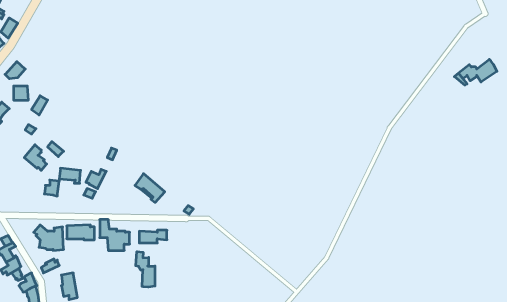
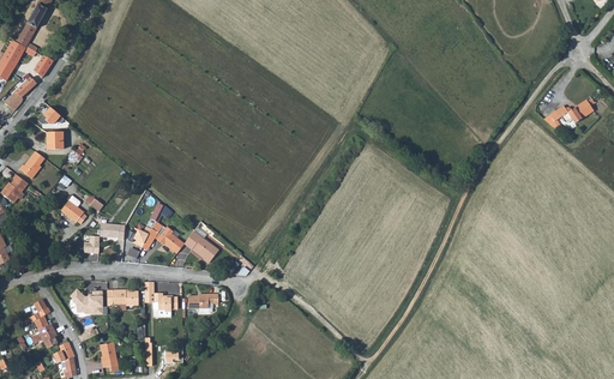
building: none -> [142,218,183,252]
building: [136,252,155,287] -> none

